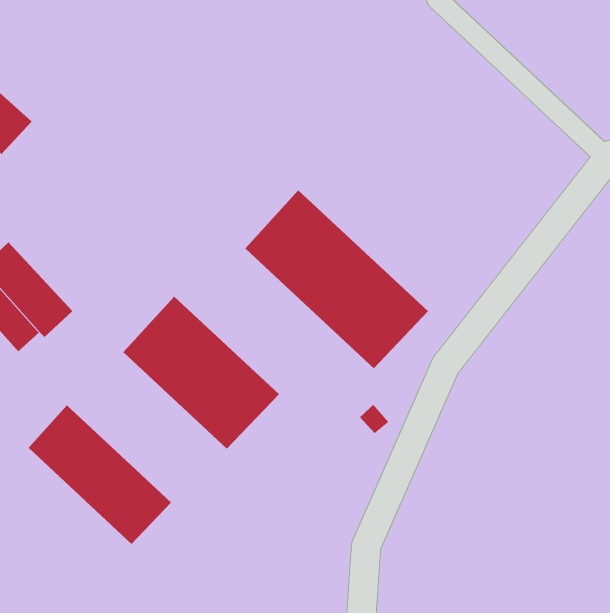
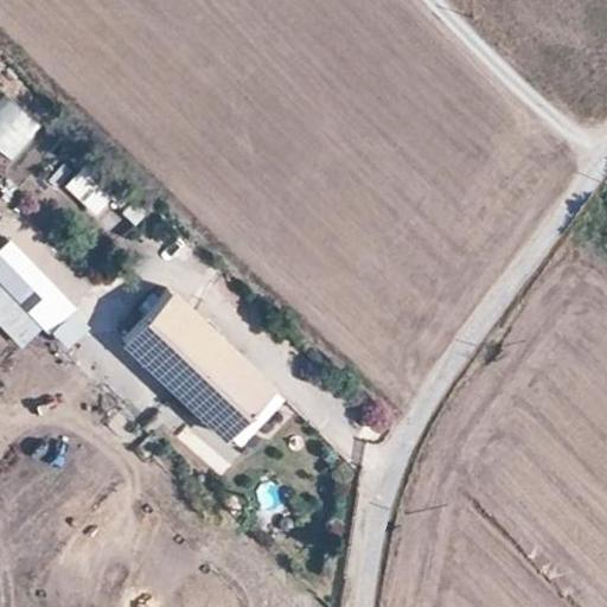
building: [244,189,429,369] -> none
building: [28,404,172,545] -> none

